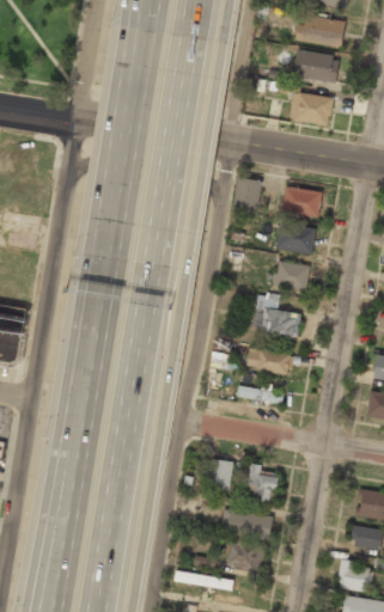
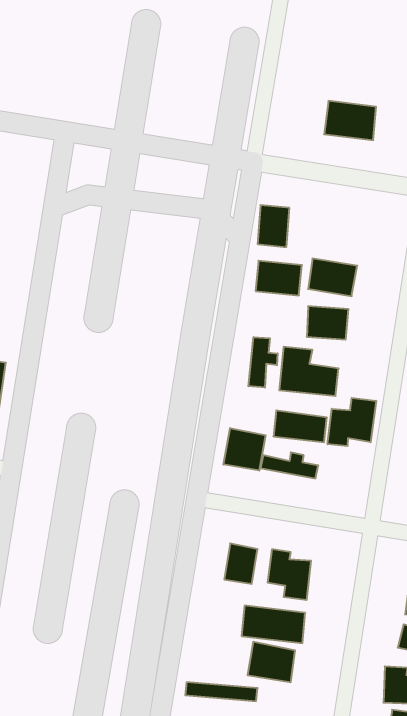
building: [294,14,345,48] -> none
building: [293,53,337,81] -> none
building: [282,188,321,216] -> [256,261,302,295]
building: none -> [248,337,278,388]
building: none -> [328,398,376,446]
building: none -> [223,428,266,471]

